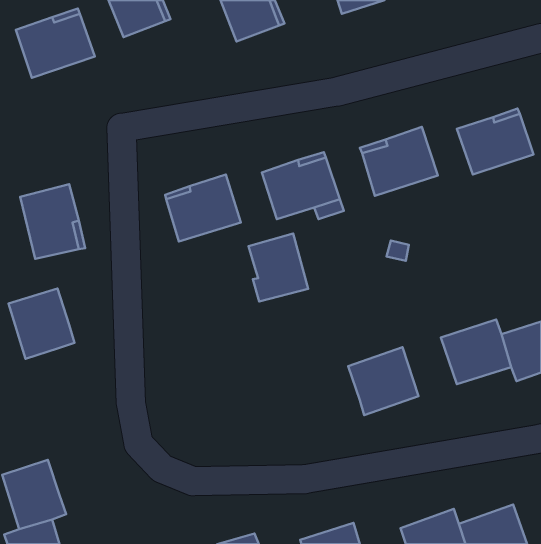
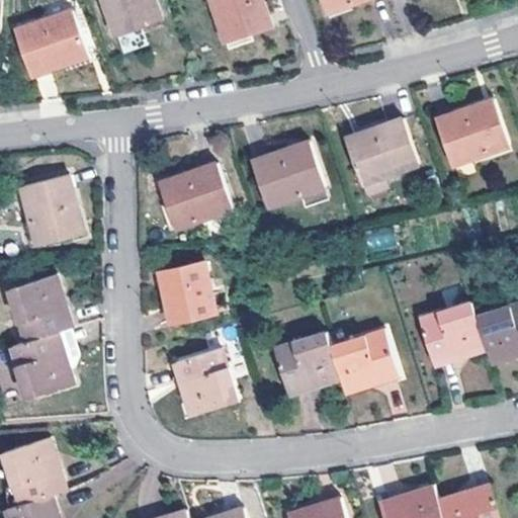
building: [249,233,308,302] -> [159,260,215,325]
building: none -> [10,331,73,399]
building: none -> [274,334,342,399]
building: none -> [172,346,236,414]

